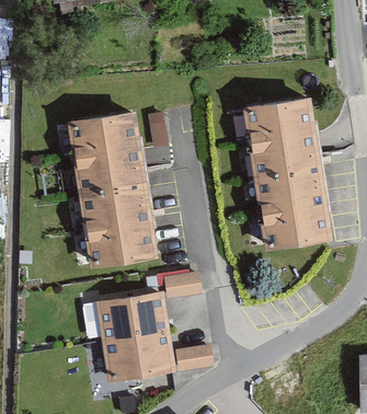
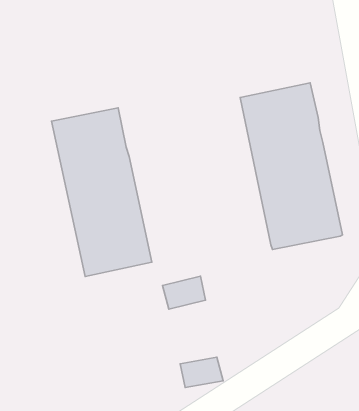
building: [99,294,173,380] -> none

